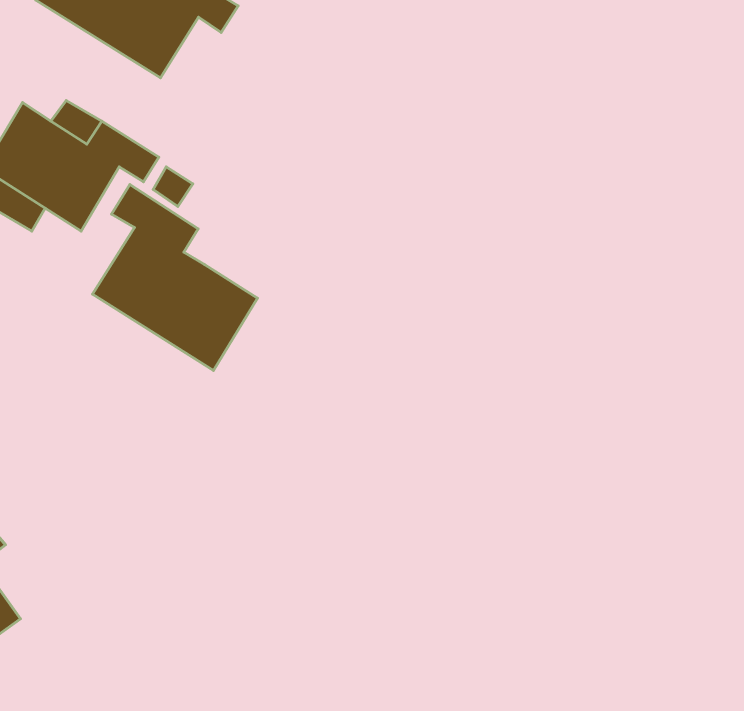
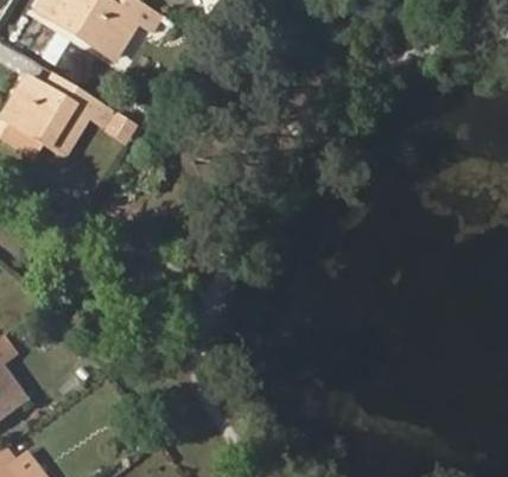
building: [93,184,257,370] -> none

